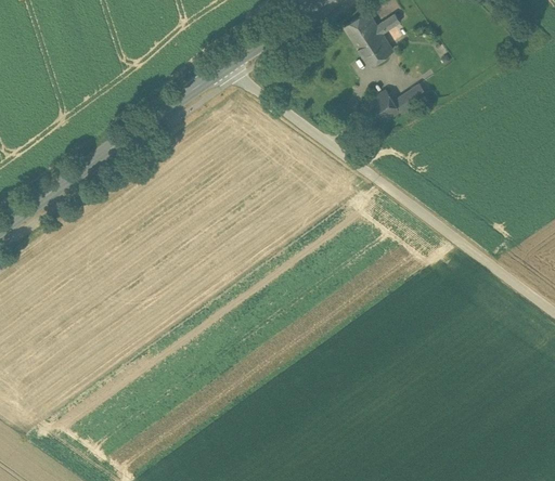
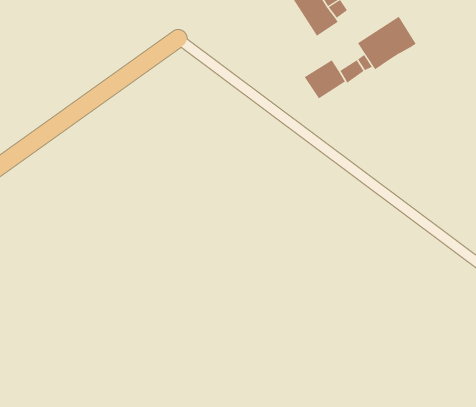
building: none -> [357,16,417,70]

